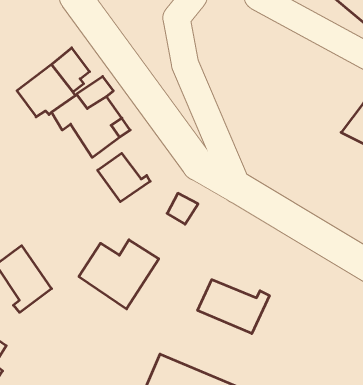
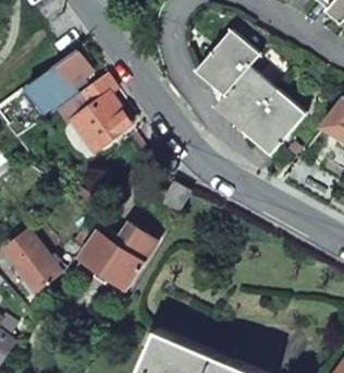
building: none -> [199,32,305,153]
building: [98,153,150,202] -> none
building: [198,280,269,334] -> none

